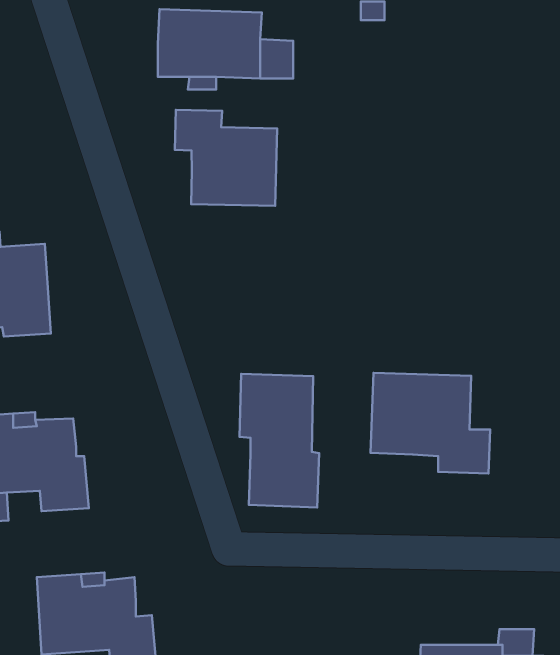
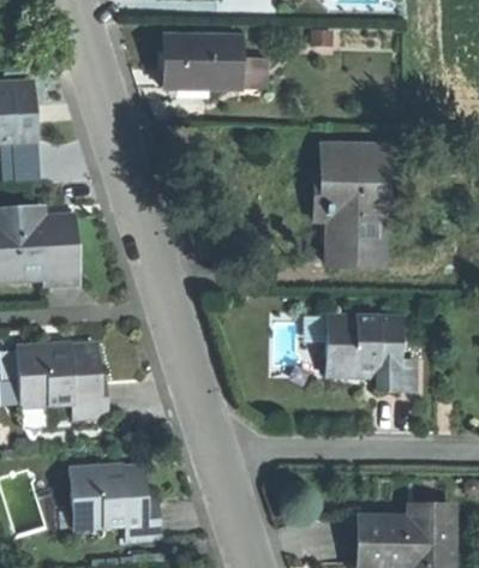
building: [175,110,277,206] -> none
building: none -> [315,147,391,265]
building: [240,374,319,507] -> none

